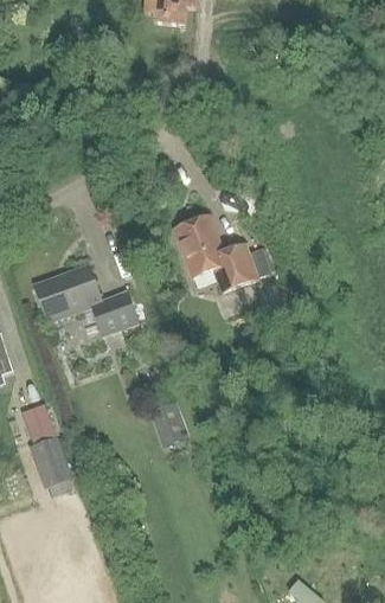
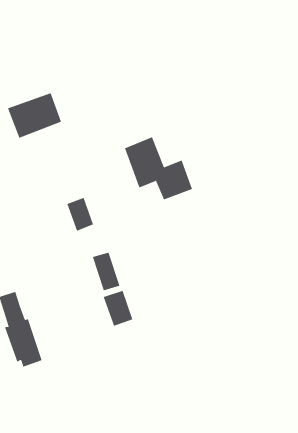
building: [34,265,101,321] -> [7,93,62,139]
building: none -> [92,252,120,291]

